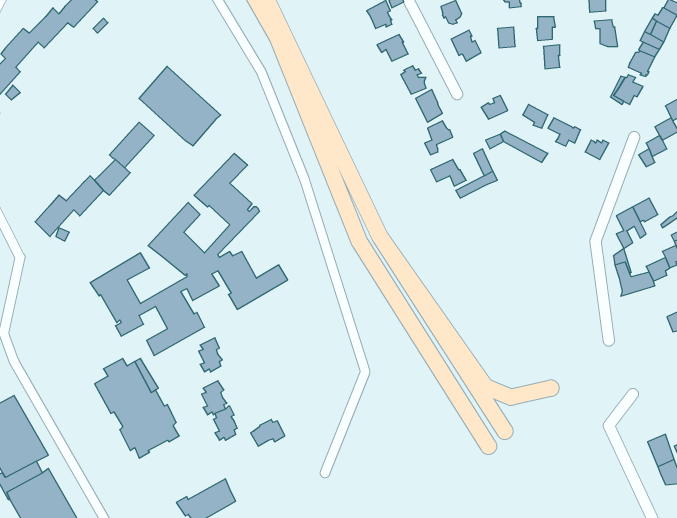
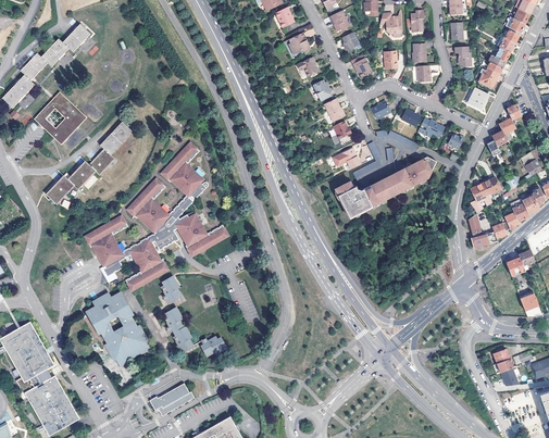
building: [139,66,221,146] -> none
building: none -> [34,91,86,143]
building: none -> [336,154,436,216]

